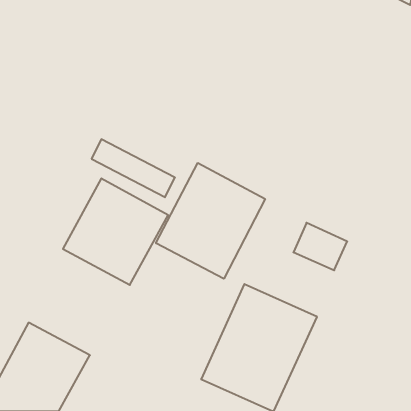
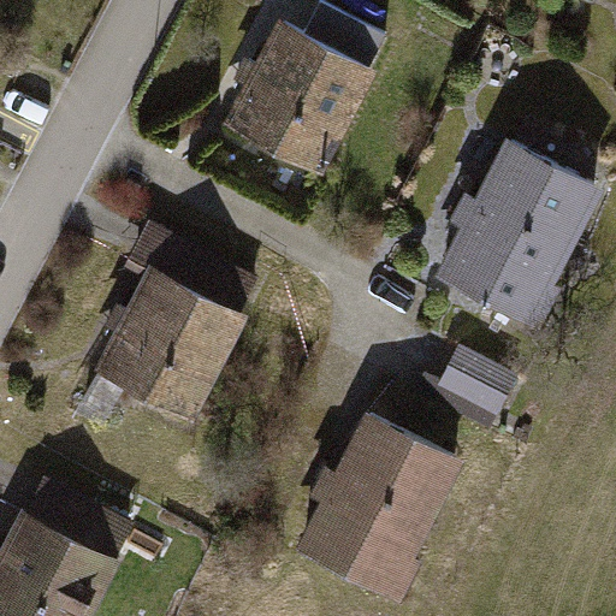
building: none -> [232,23,372,177]
building: none -> [436,142,599,333]
building: [156,163,265,279] -> none

